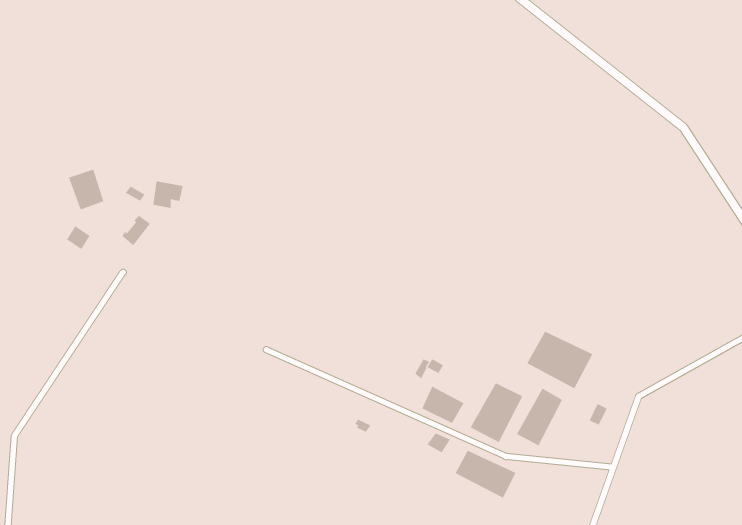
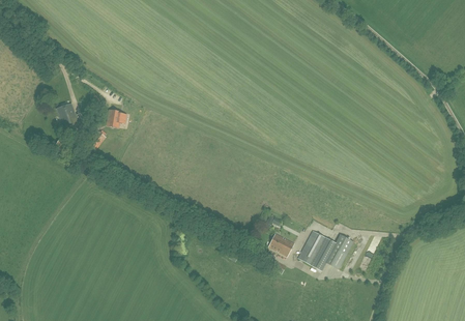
building: [527,331,593,389] -> none
building: [455,450,516,498] -> none

